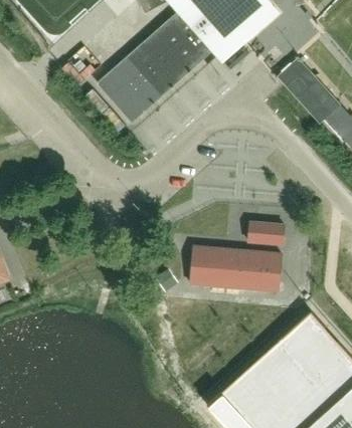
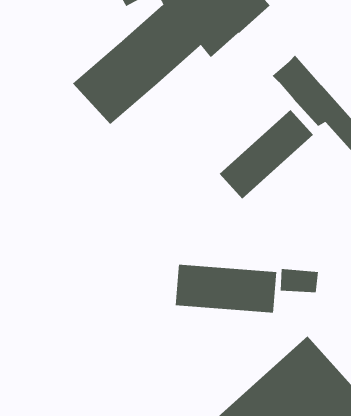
building: none -> [219,109,314,199]
building: [248,222,284,244] -> [280,268,319,293]

